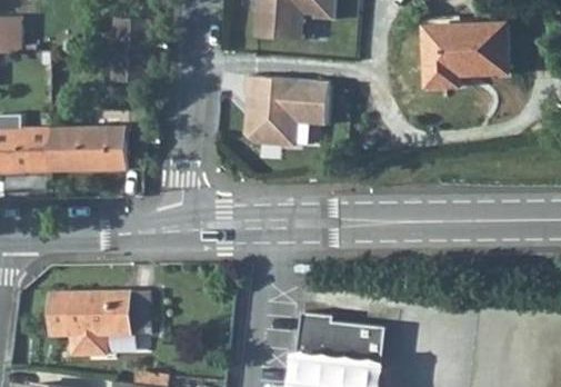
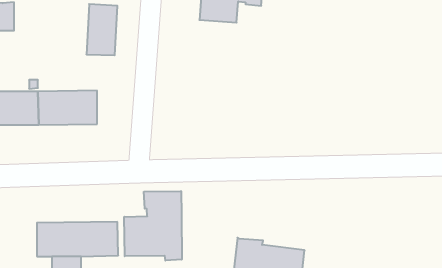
building: [424,23,508,86] -> none
building: [243,76,328,147] -> none
building: none -> [124,191,182,261]

